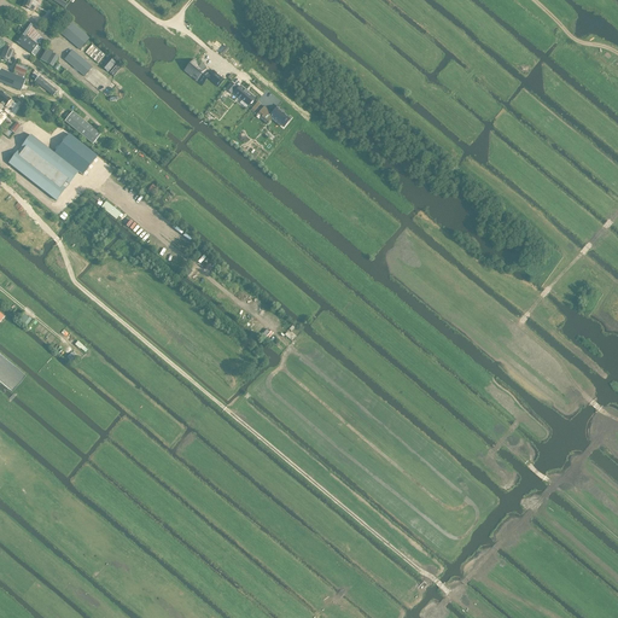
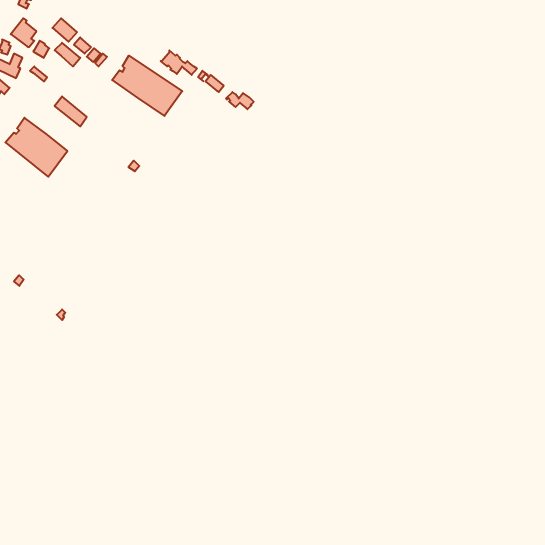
building: none -> [112,56,182,116]
building: [52,132,95,174] -> none

